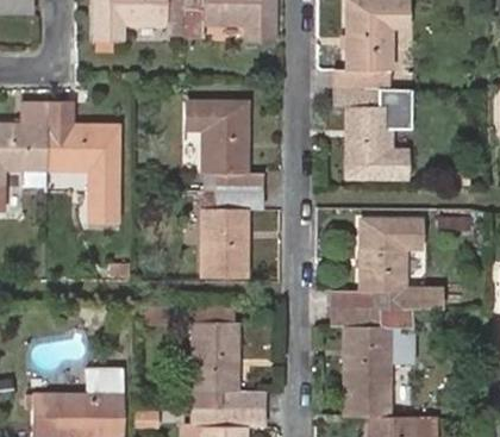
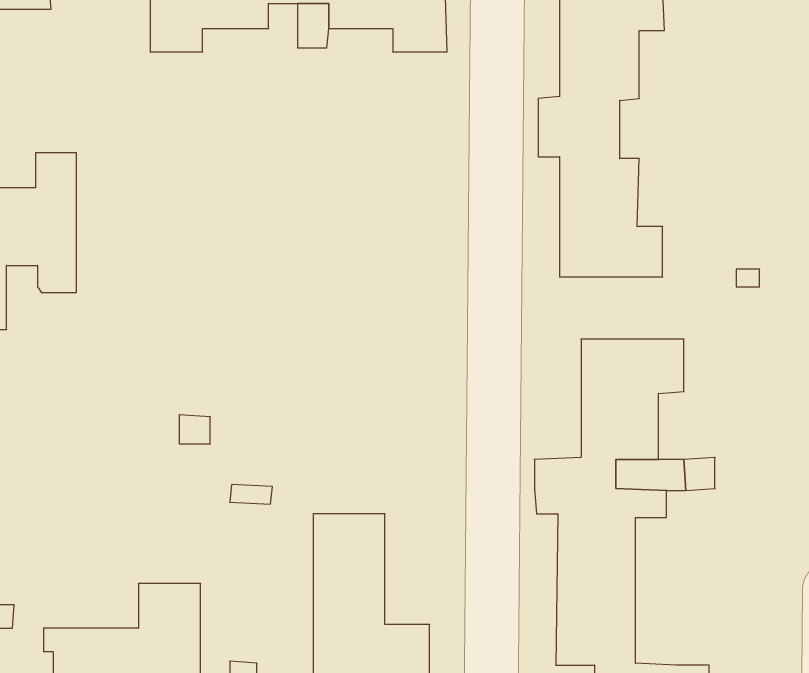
building: [187,100,264,277] -> none
building: [49,102,120,223] -> none

